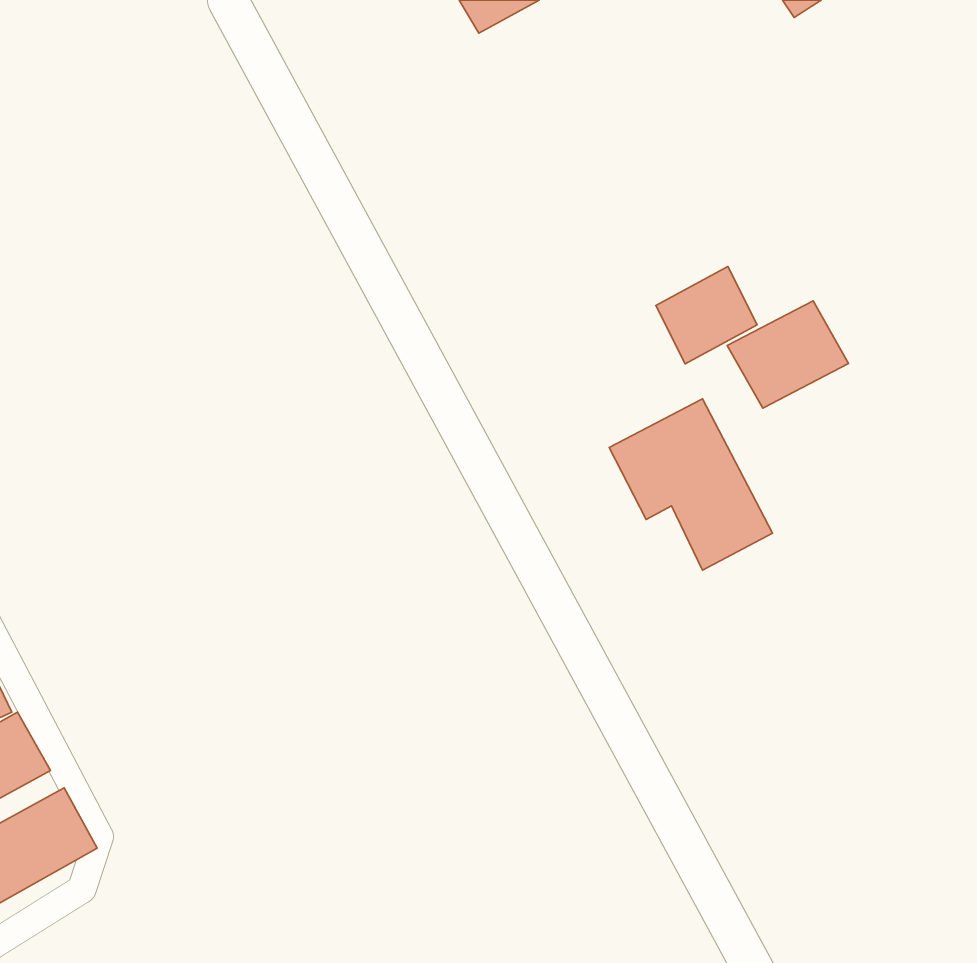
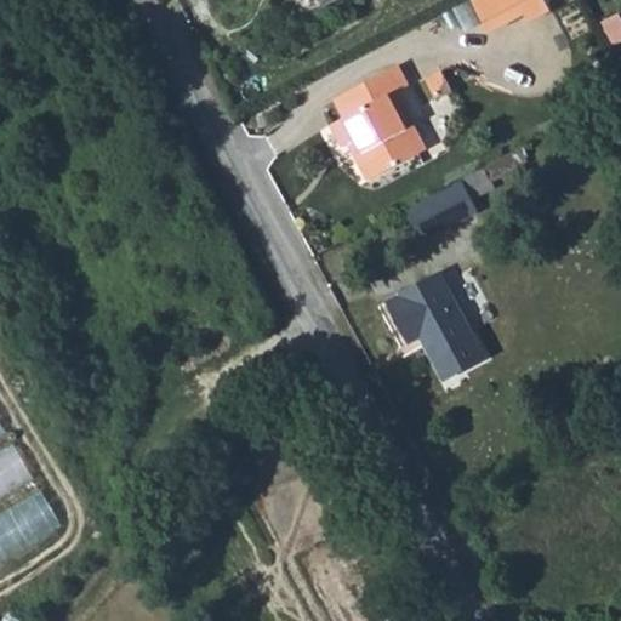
building: none -> [329,63,420,178]
building: [727,301,849,408] -> none

